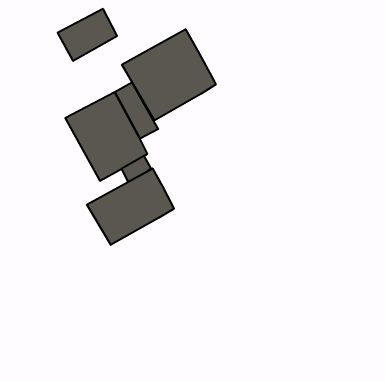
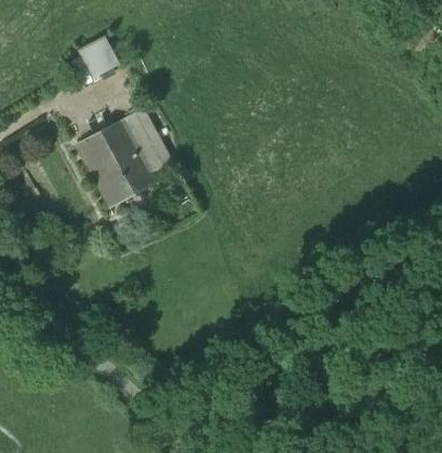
building: [122,29,216,120] -> none
building: [87,168,174,245] -> none

